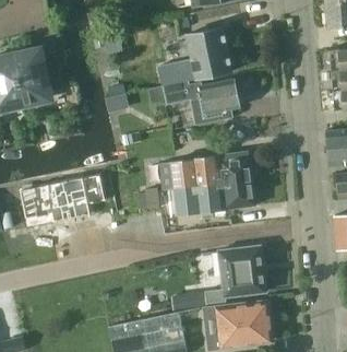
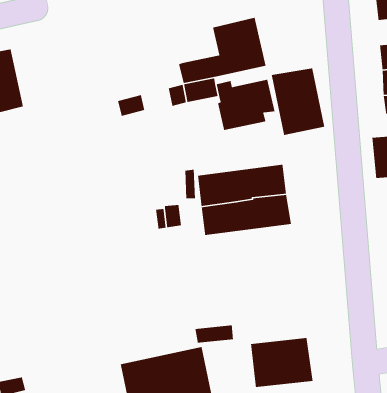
building: [12,48,62,104] -> none
building: none -> [271,67,325,136]
building: [21,171,108,220] -> none
building: [206,246,267,304] -> none

